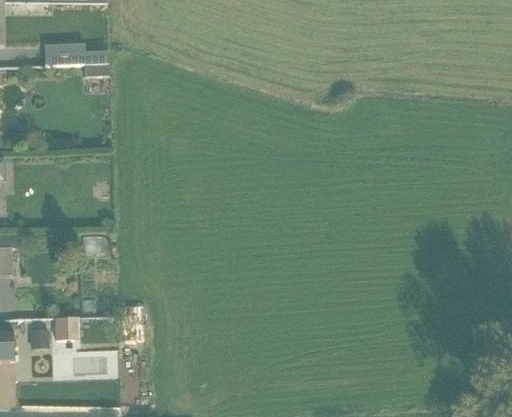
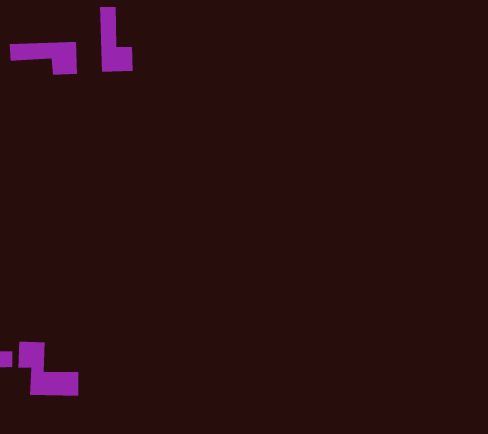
building: none -> [99,6,133,72]

